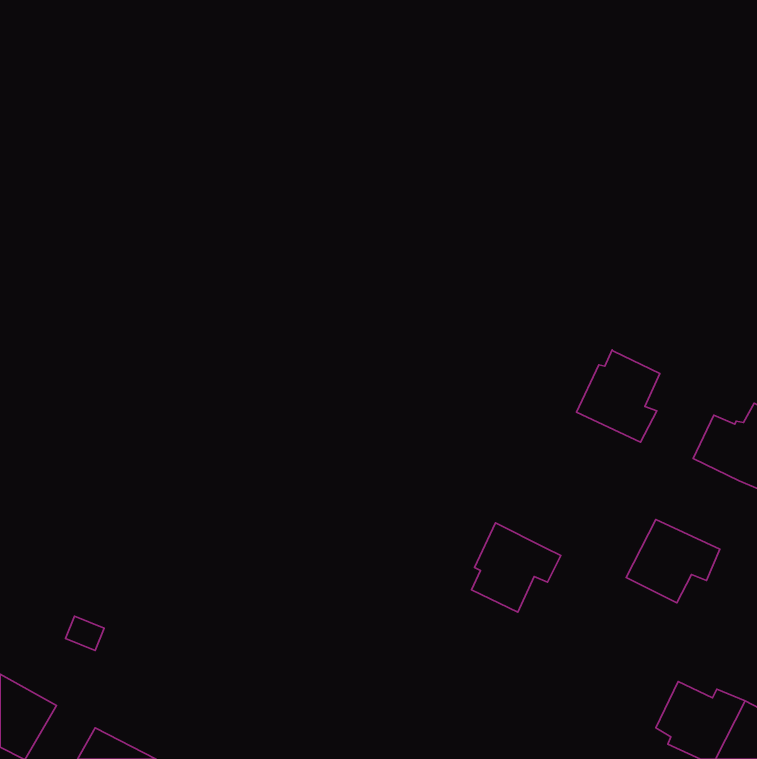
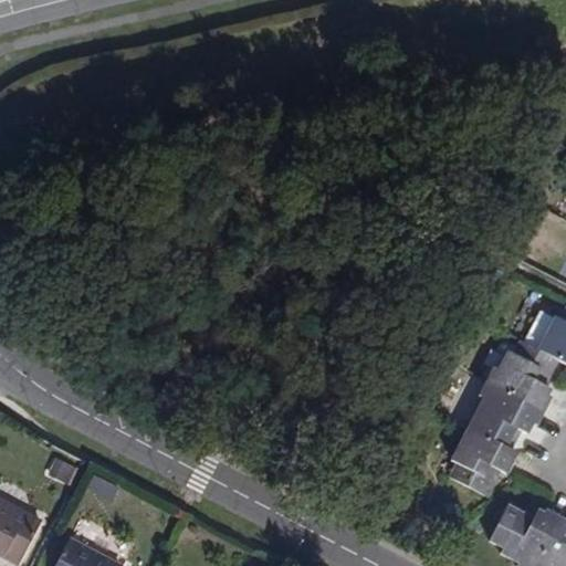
building: [576,350,660,442] -> [490,339,552,408]
building: [472,523,561,612] -> [450,429,516,495]

